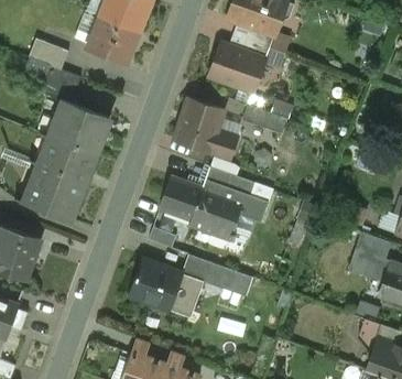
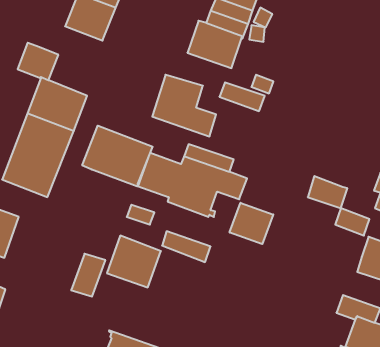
building: [28,39,67,71] -> none
building: none -> [82,126,153,186]
building: none -> [230,203,273,244]
building: [349,248,389,280] -> [308,176,347,208]
building: [169,274,203,317] -> [71,254,105,297]

